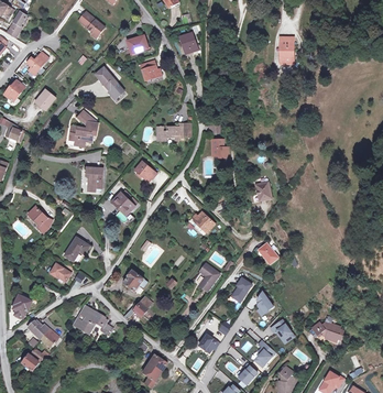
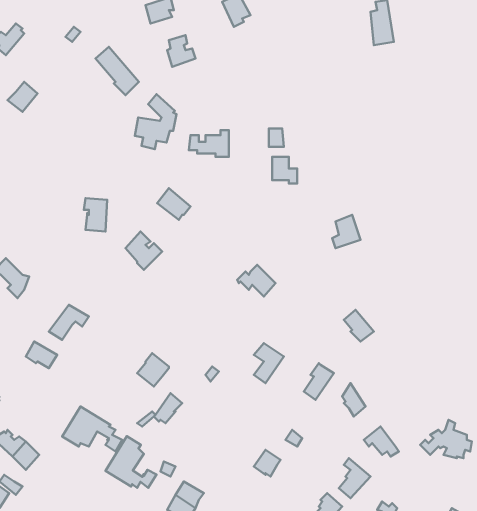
building: [69,111,97,148] -> [135,94,177,149]
building: none -> [106,436,156,488]

